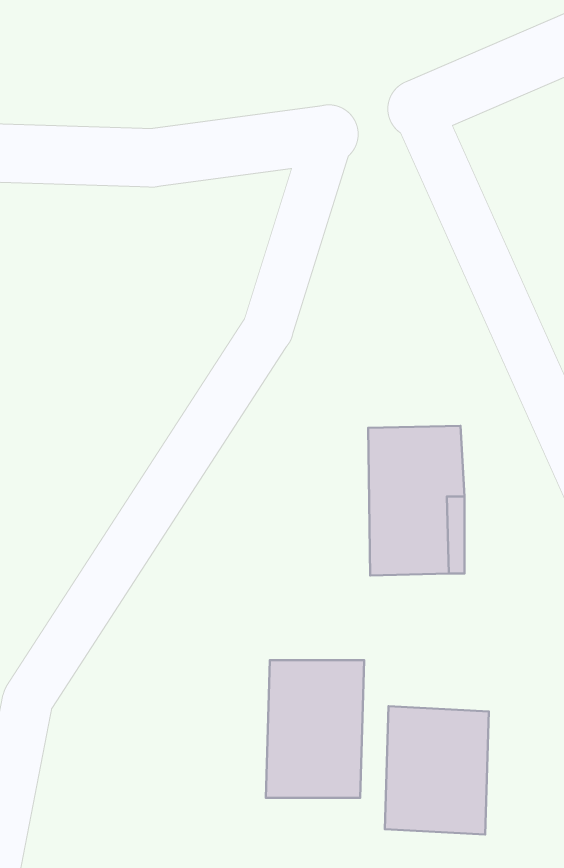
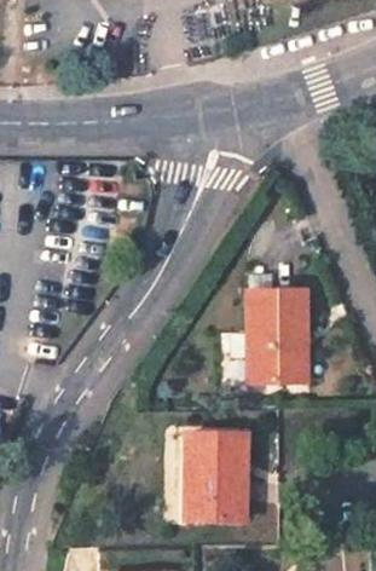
building: [385,706,489,835] -> none

